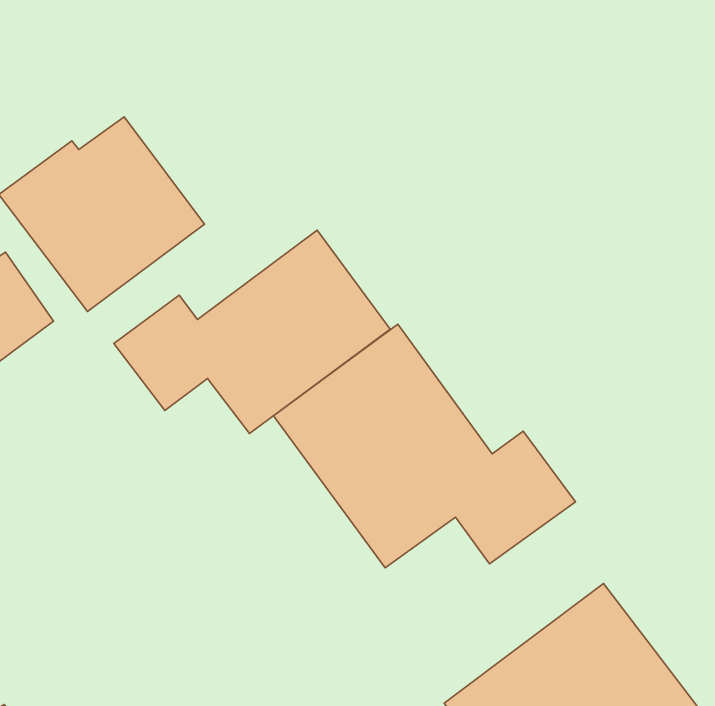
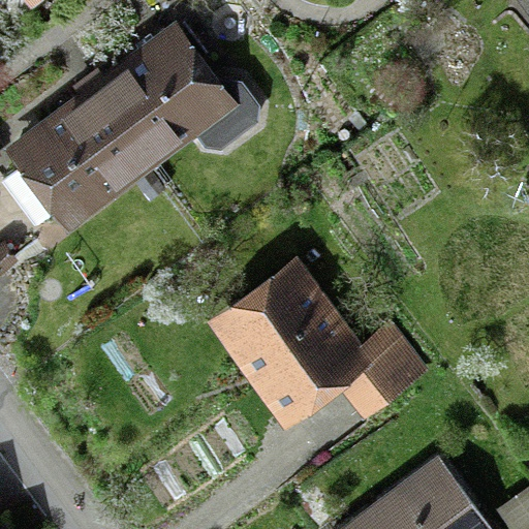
building: none -> [91,24,263,175]
building: [114,230,390,434] -> none

